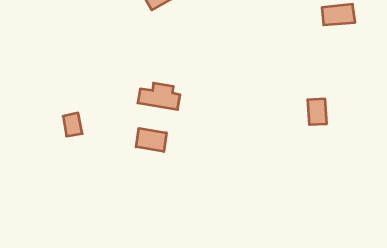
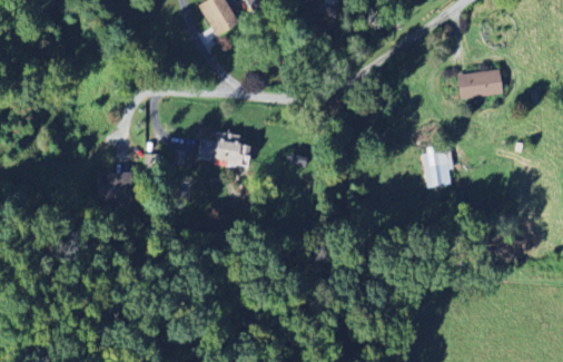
building: [322,4,355,25] -> [457,70,502,98]
building: [136,128,166,152] -> none

